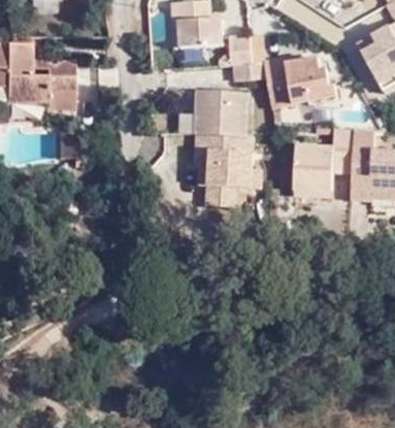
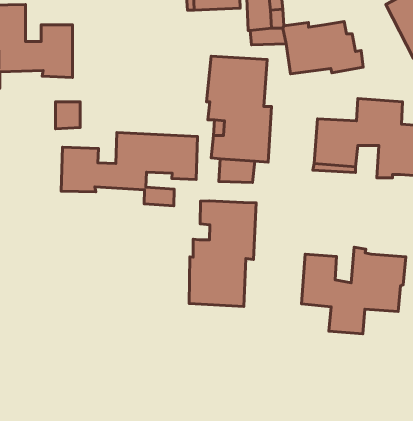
building: none -> [61,132,197,206]
building: none -> [189,201,256,306]
building: none -> [301,247,406,334]

